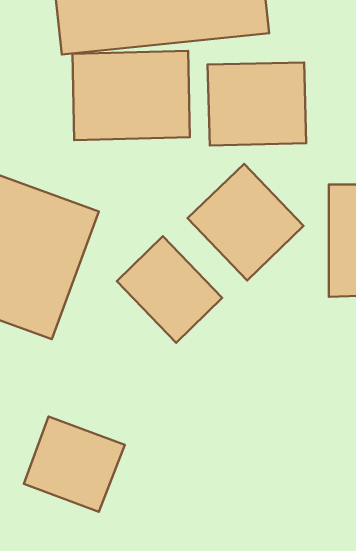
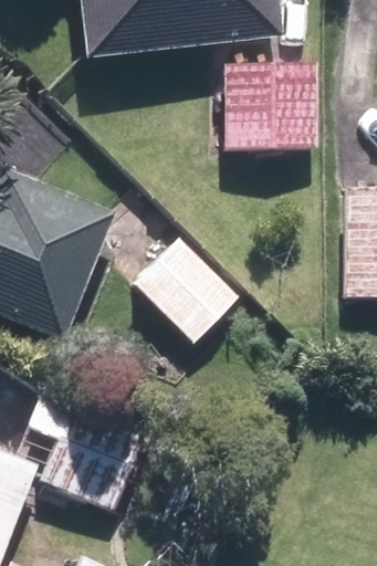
building: [73,51,190,140] -> none
building: [188,164,304,280] -> none

